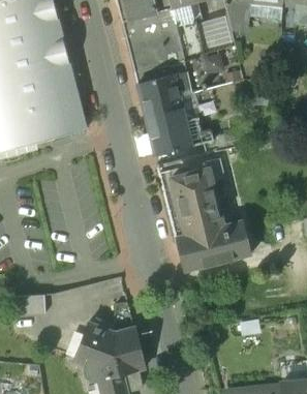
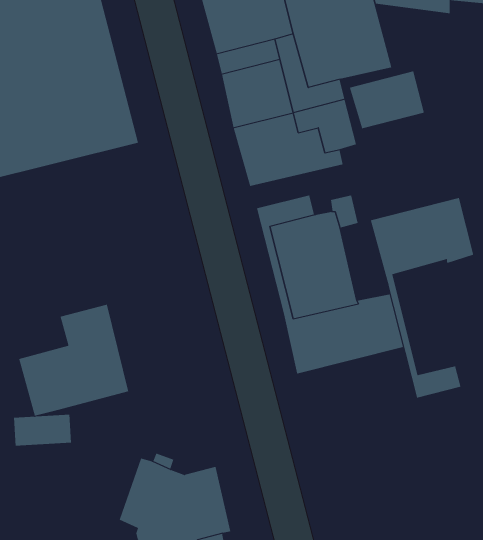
building: none -> [349,71,424,129]
building: none -> [370,197,474,398]
building: none -> [19,304,129,416]

